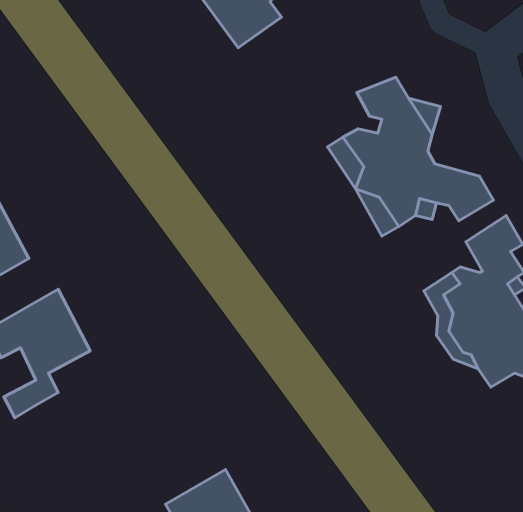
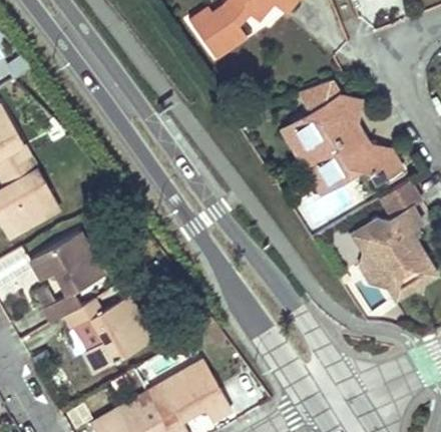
building: none -> [66,295,154,371]

